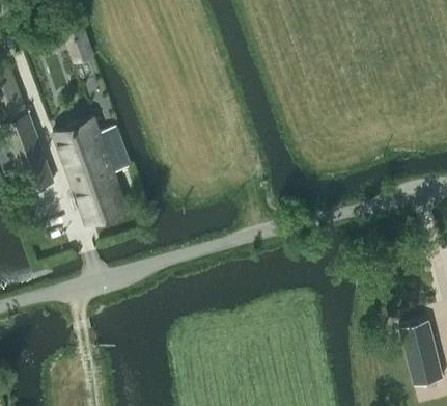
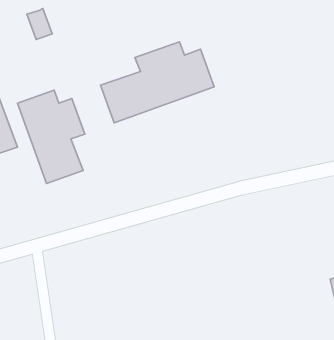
building: none -> [100,42,214,123]

